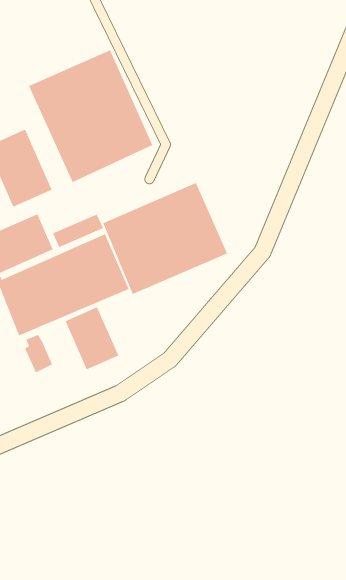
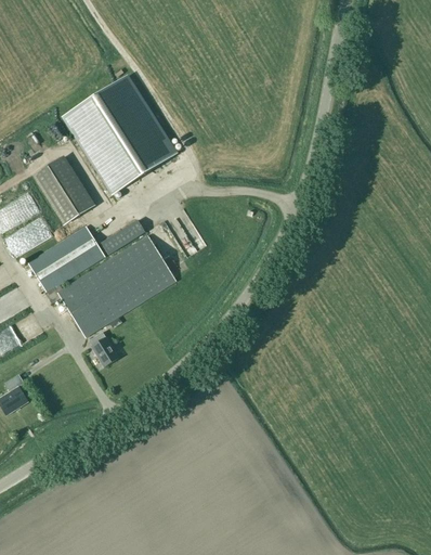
building: [102,182,228,295] -> none
building: [65,307,119,370] -> none

